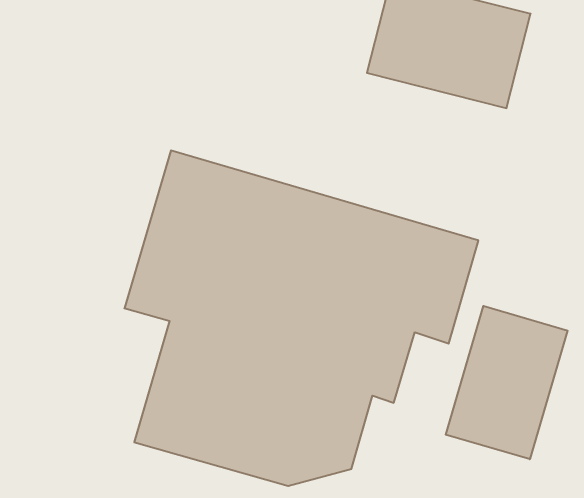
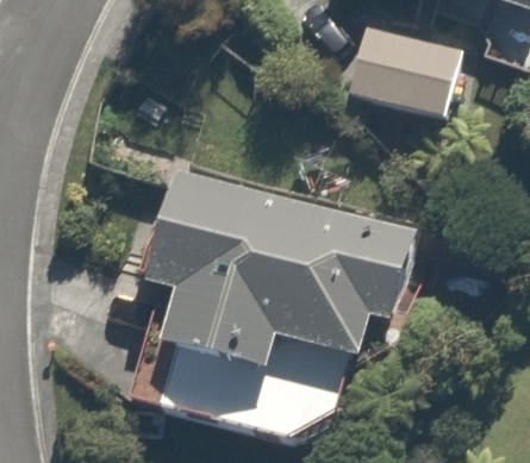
building: [446,306,568,459] -> none

